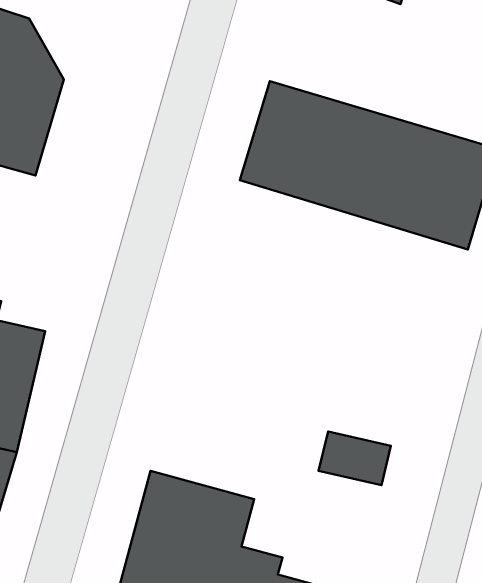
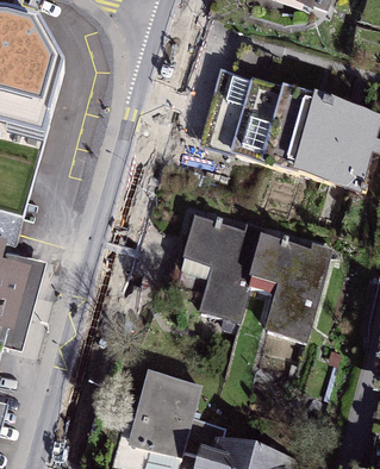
building: none -> [179,212,339,339]

